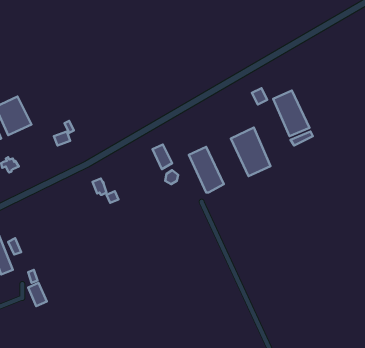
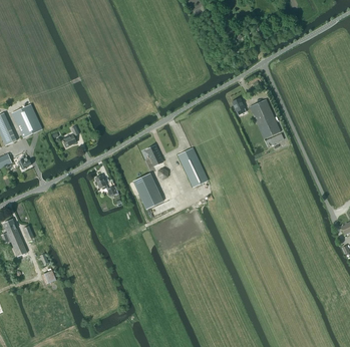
building: [231,127,270,176] -> none
building: none -> [132,174,162,209]

